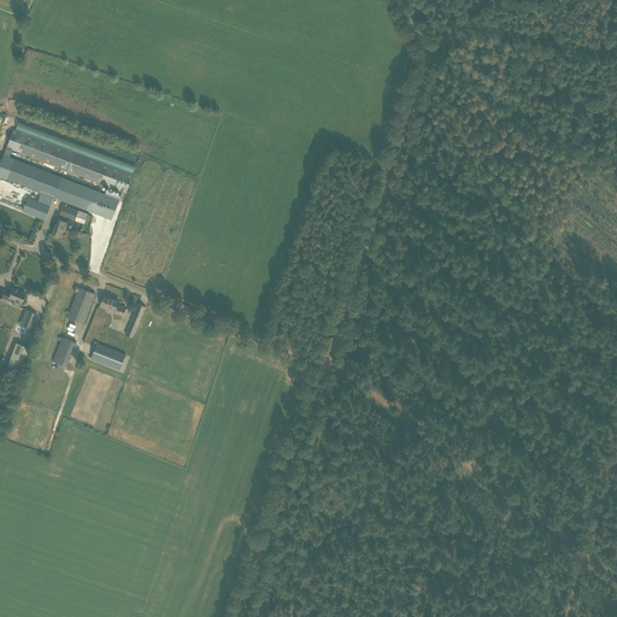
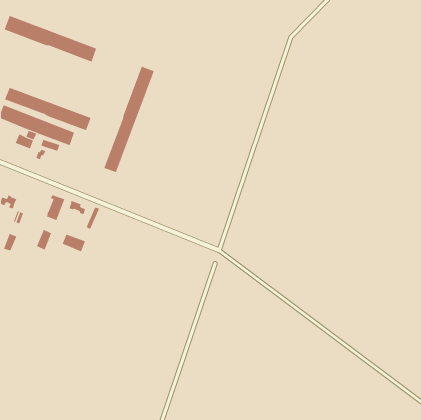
building: none -> [4,15,97,62]
building: none -> [103,66,155,173]

